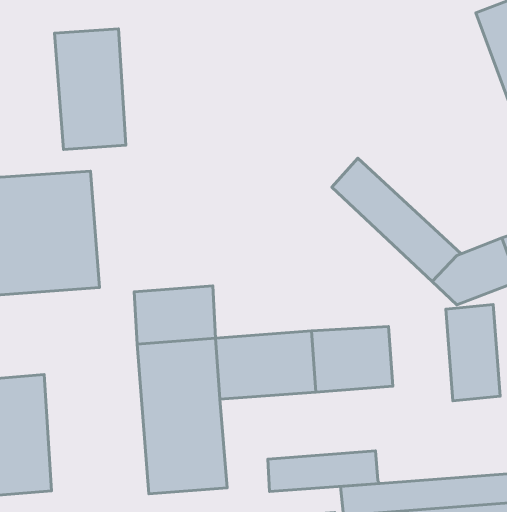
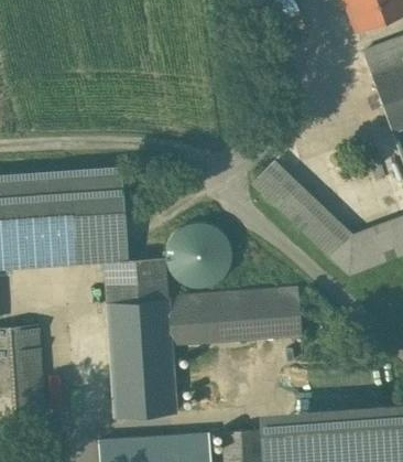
building: [55,29,126,149] -> [73,169,127,260]
building: none -> [182,223,241,283]
building: [446,305,500,401] -> none
building: [268,451,380,491] -> none

